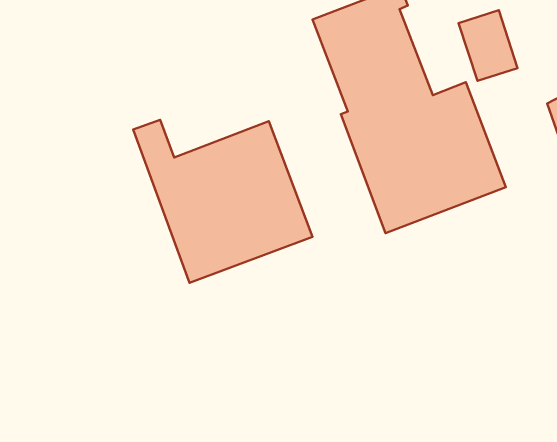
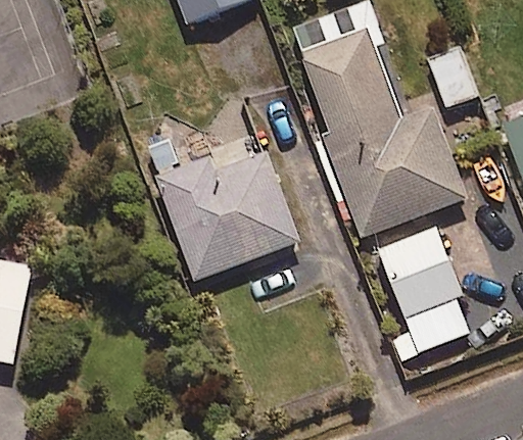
building: none -> [377,229,462,317]

